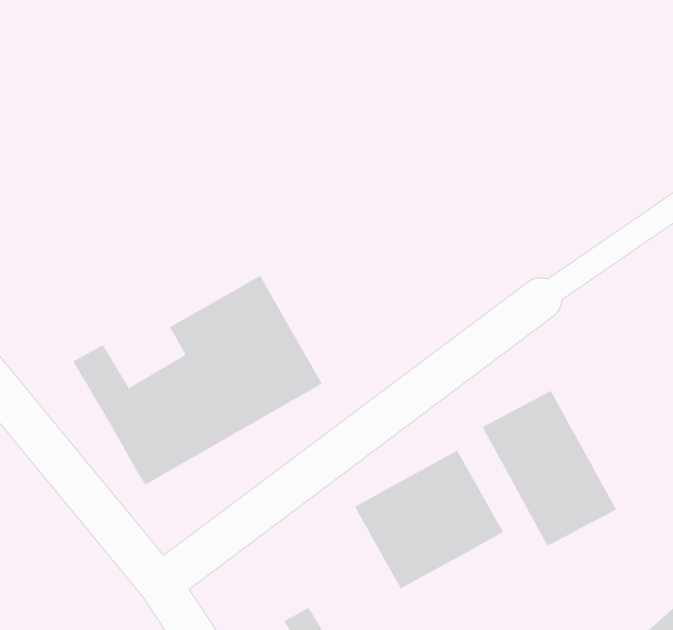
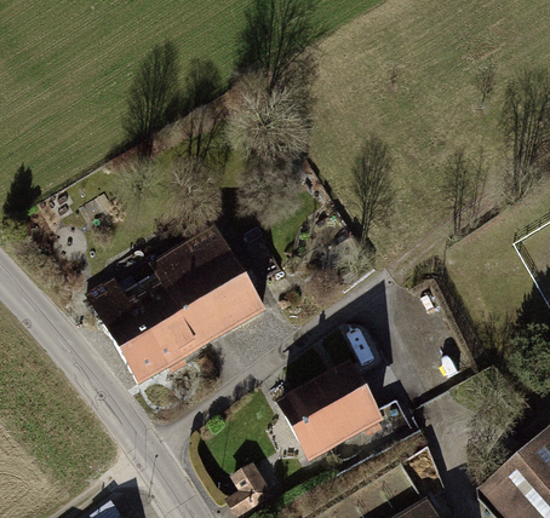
building: [481,390,617,547] -> none

